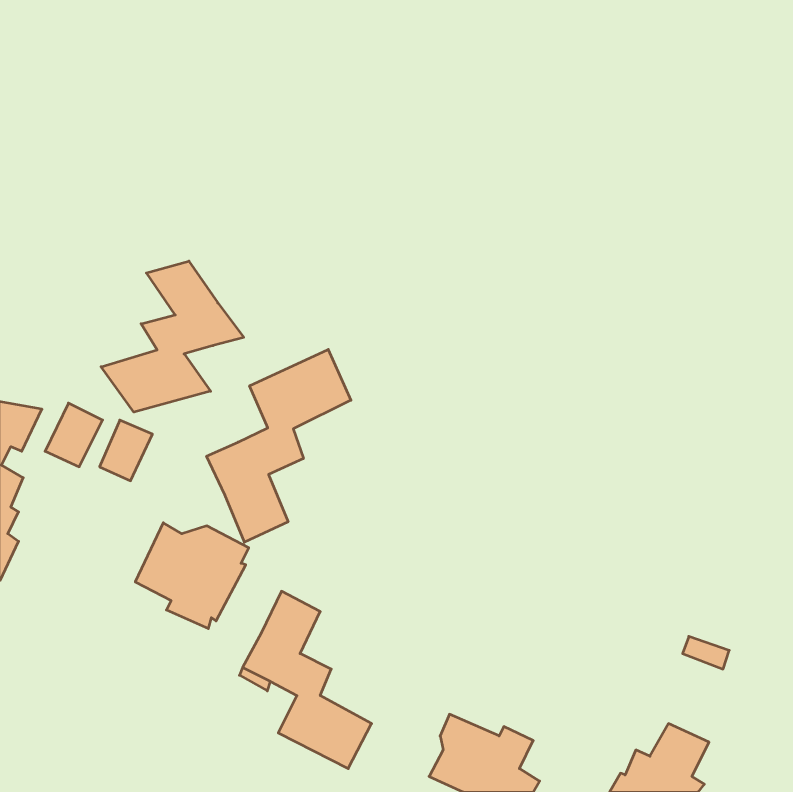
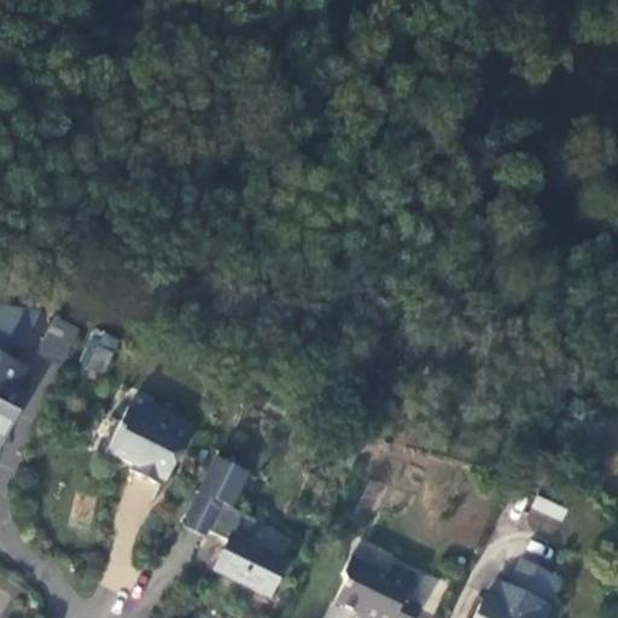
building: [101,261,244,412] -> none
building: [207,349,351,542] -> none

